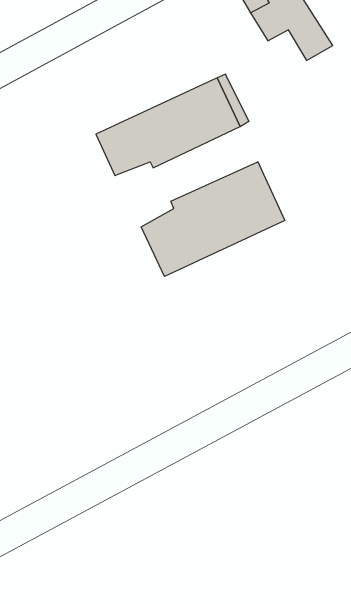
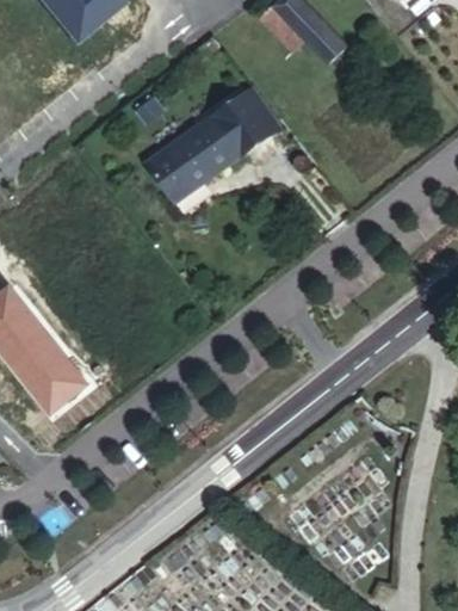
building: [141,162,285,276] -> none

